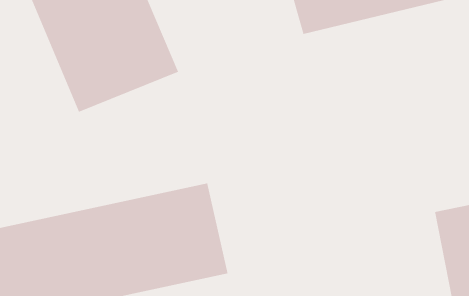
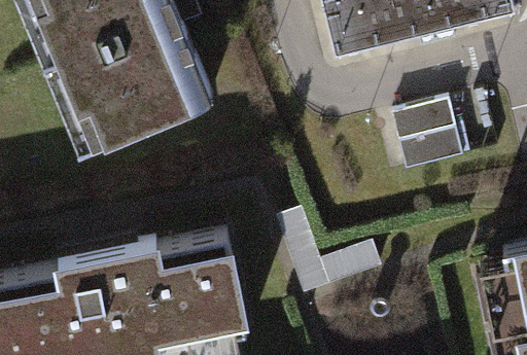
building: none -> [402,96,470,165]

